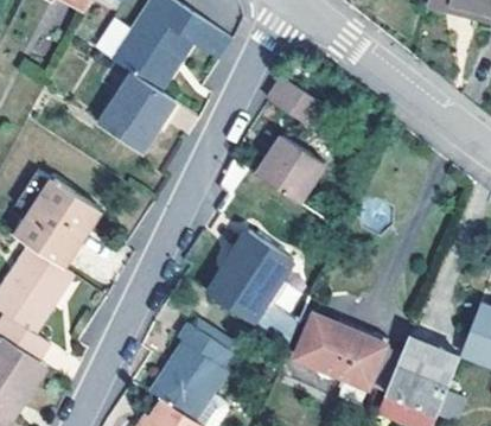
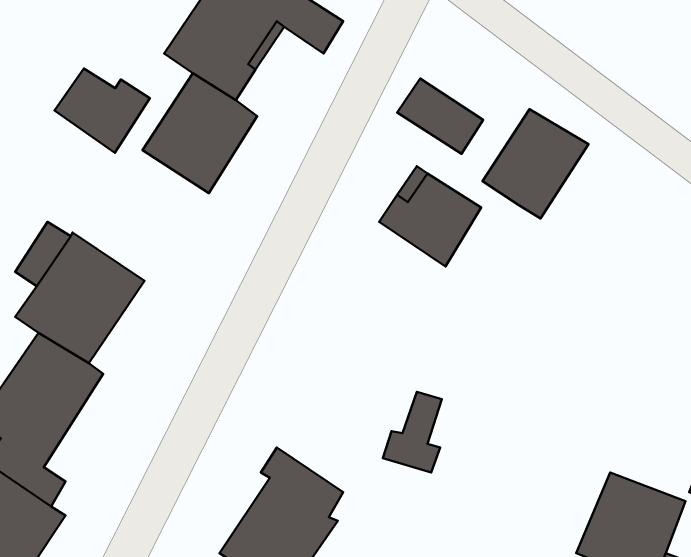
building: none -> [54,68,150,153]
building: none -> [483,109,588,219]
building: [206,230,293,323] -> none
building: [294,312,385,386] -> none

